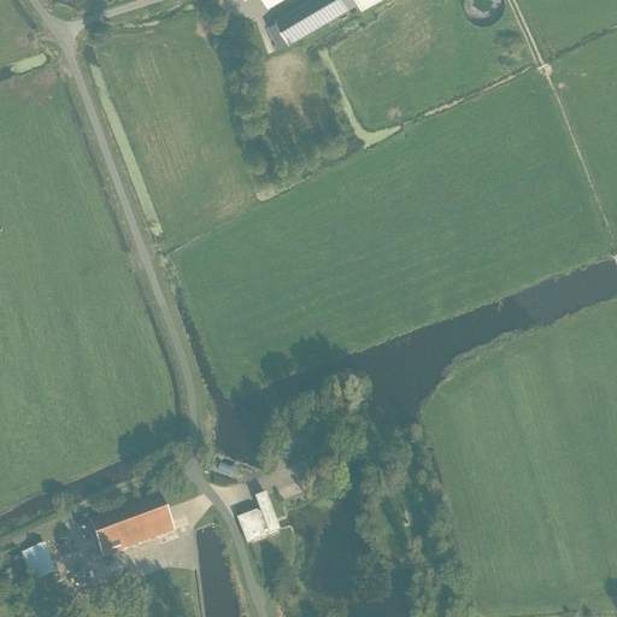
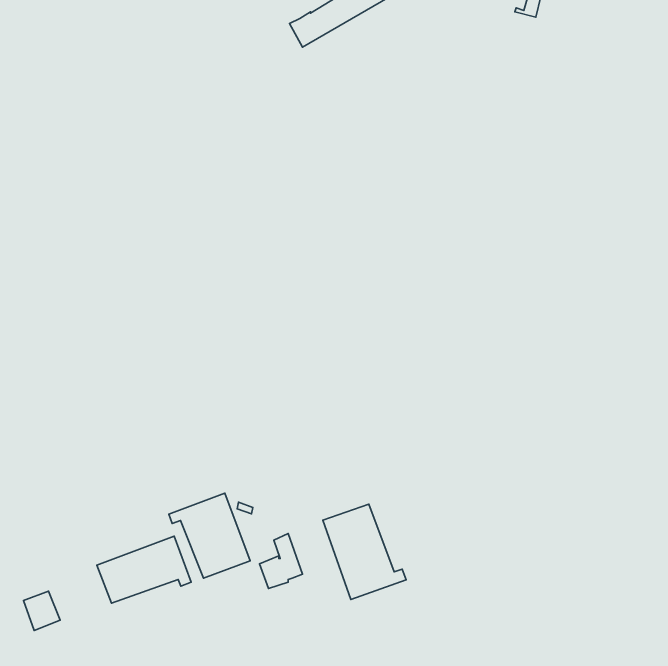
building: none -> [169,493,250,578]
building: none -> [323,504,406,599]

